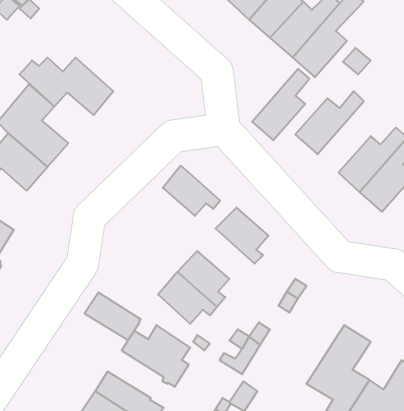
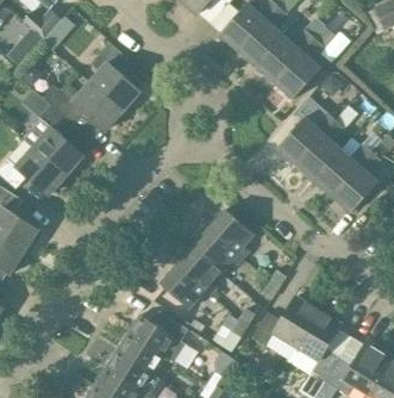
building: none -> [89,42,139,111]
building: [252,69,309,140] -> [295,119,344,180]
building: [163,166,220,216] -> [193,228,242,270]
building: [85,292,141,340] -> [117,331,164,372]
building: none -> [251,296,318,346]

